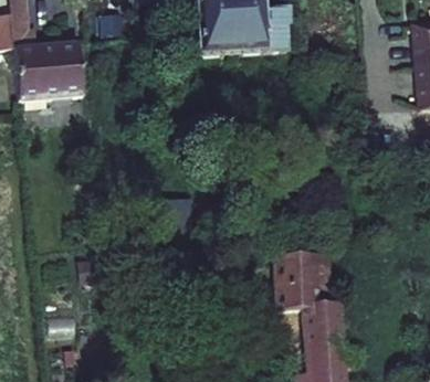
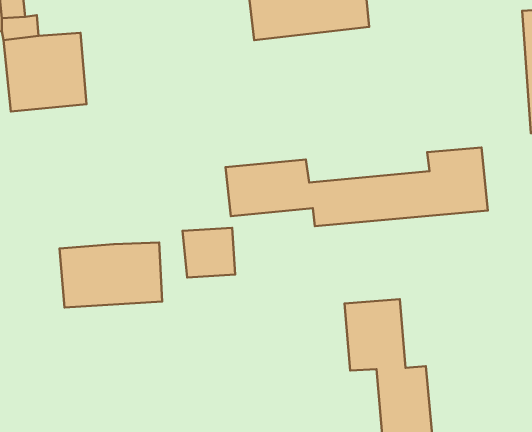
building: none -> [226,147,488,226]
building: none -> [59,242,162,308]

